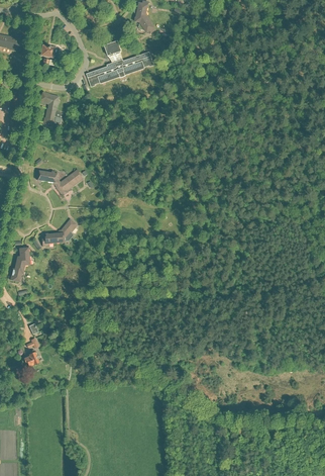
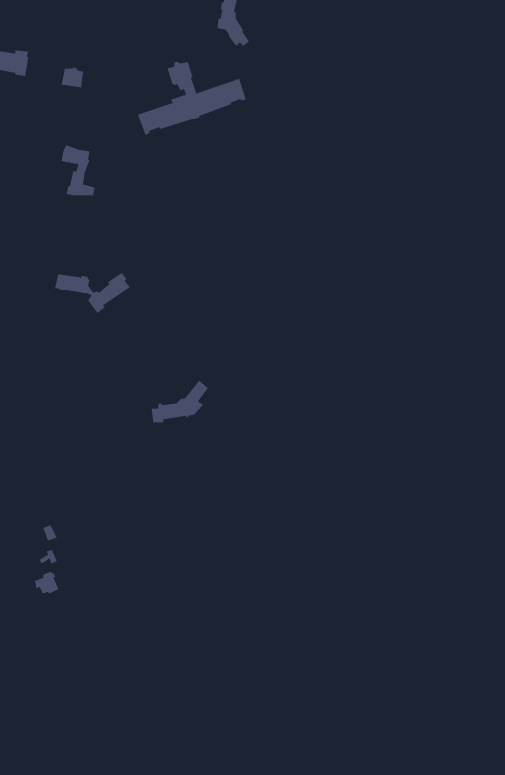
building: [41,219,77,246] -> [151,380,209,423]
building: [10,246,30,282] -> none

